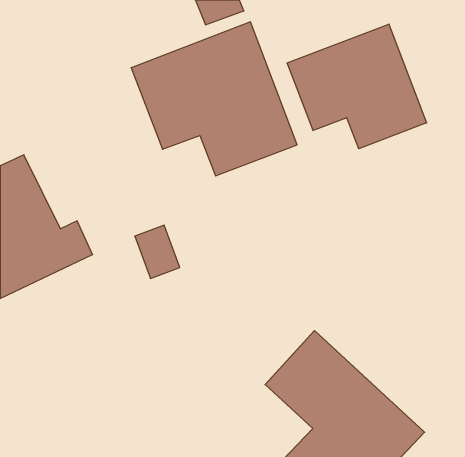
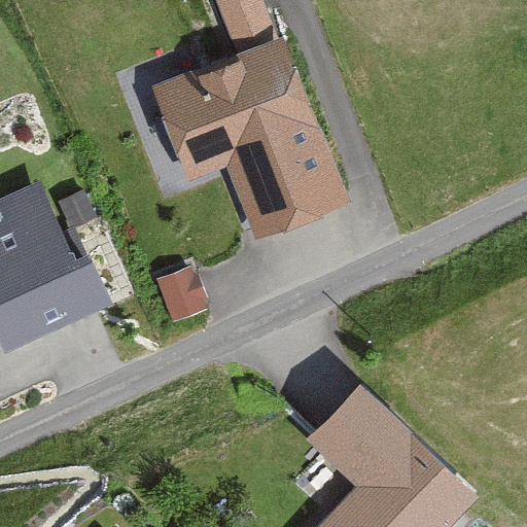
building: [287,24,427,149] -> none

